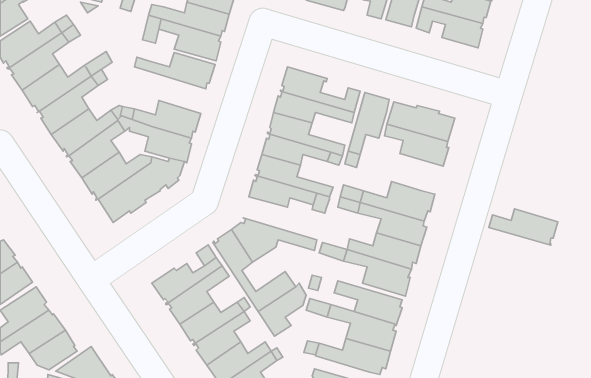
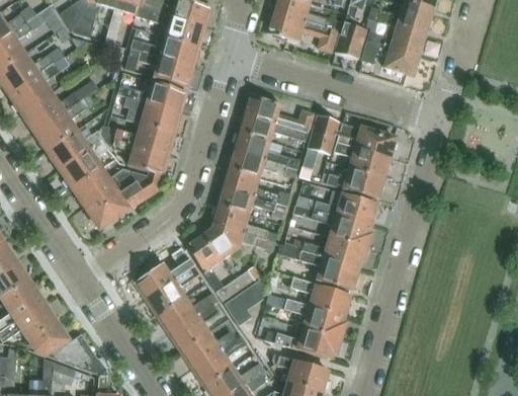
building: none -> [115,93,179,134]
building: none -> [211,206,278,243]
building: [489,209,558,245] -> [325,168,384,200]

